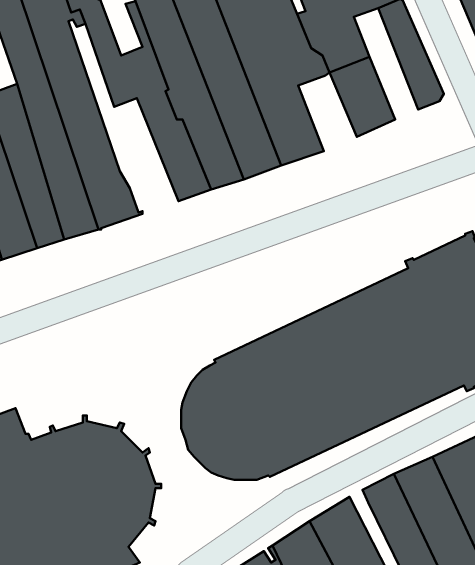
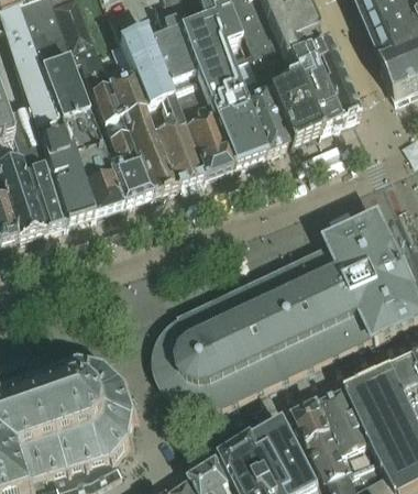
building: none -> [288,43,339,130]
building: none -> [245,95,286,153]
building: none -> [103,112,153,201]

